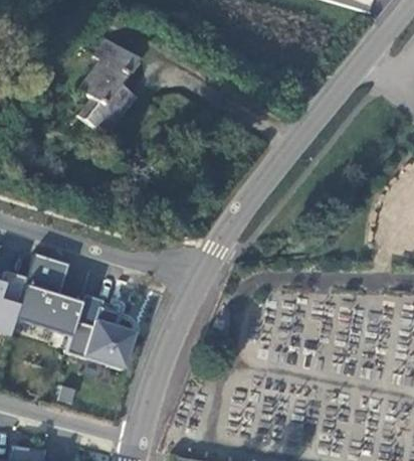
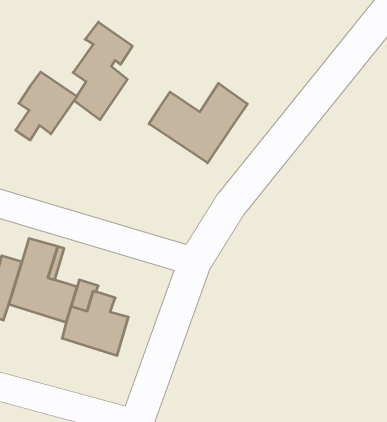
building: none -> [16,72,77,140]
building: none -> [149,83,247,163]

